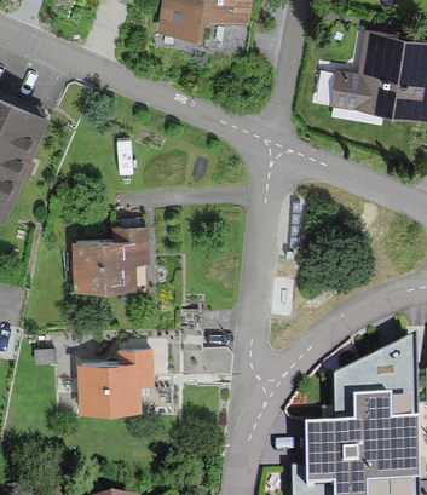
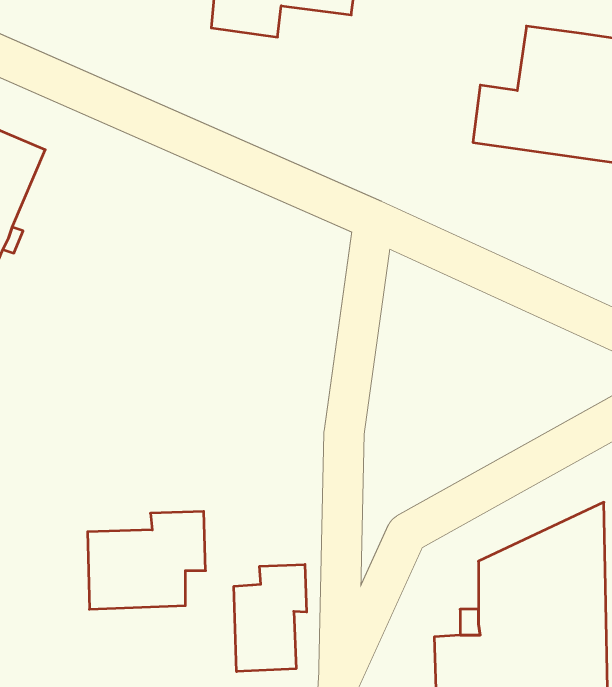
building: [71,224,149,290] -> none
building: none -> [234,564,307,672]

